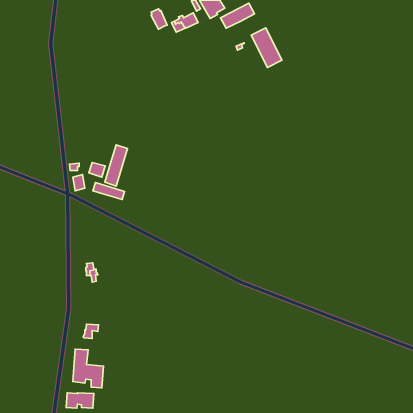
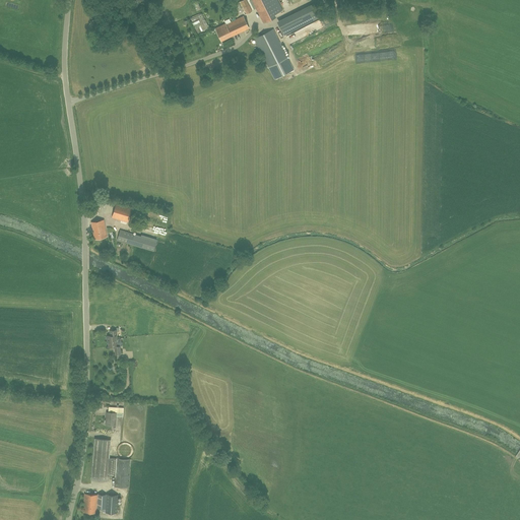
building: [251,28,282,68] -> [255,29,294,79]
building: [105,145,128,186] -> none

